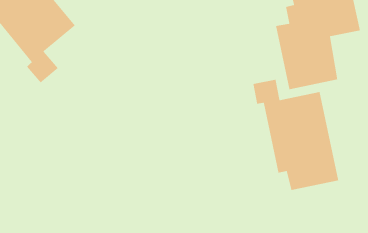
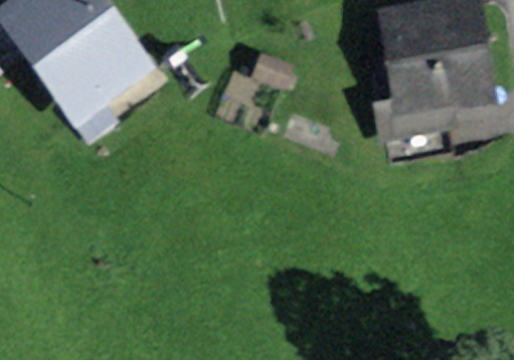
building: [253,79,339,191] -> none

